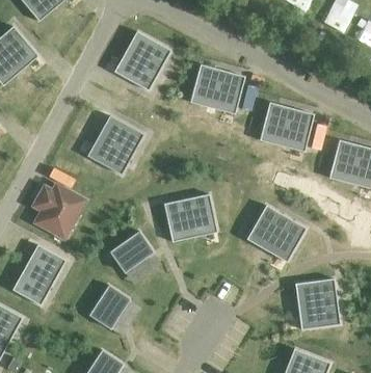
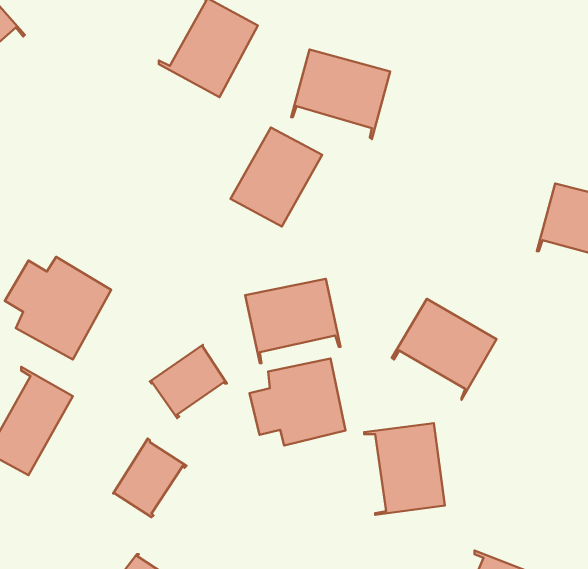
building: [259,103,314,153] -> none
building: [91,118,143,175] -> [231,127,322,226]
building: none -> [249,359,346,445]
building: [294,278,340,330] -> [364,423,445,515]

